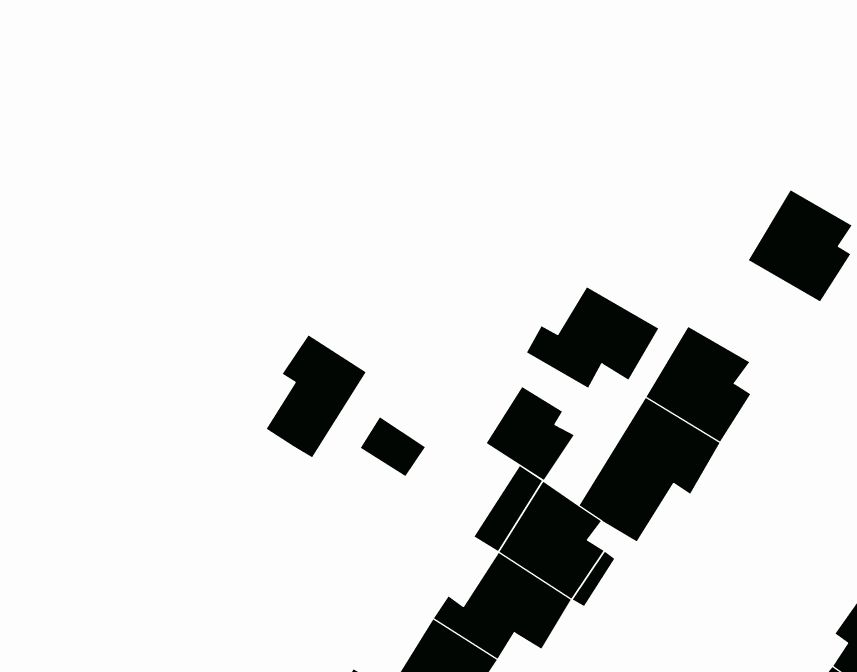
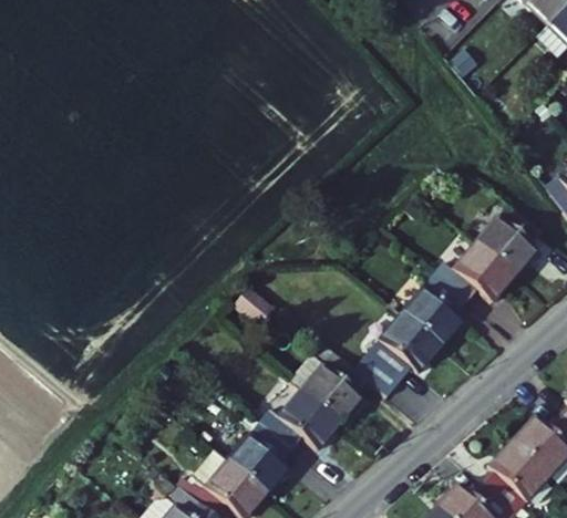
building: [526,286,659,388] -> [433,241,513,301]
building: [266,334,367,458] -> none
building: [486,386,575,481] -> none

